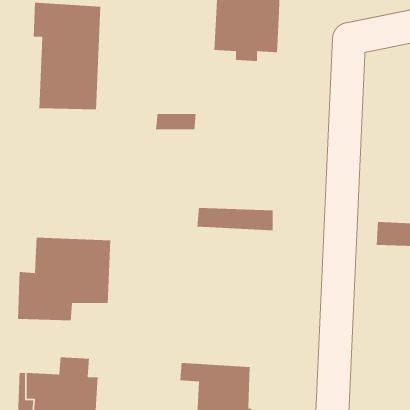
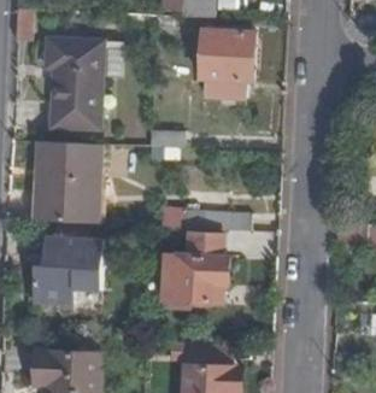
building: none -> [34,141,102,224]
building: none -> [163,233,229,304]

